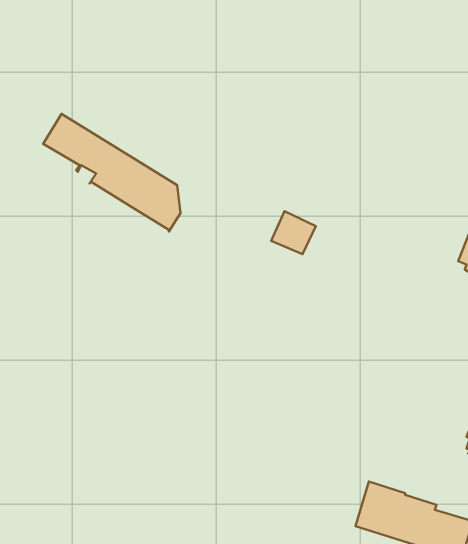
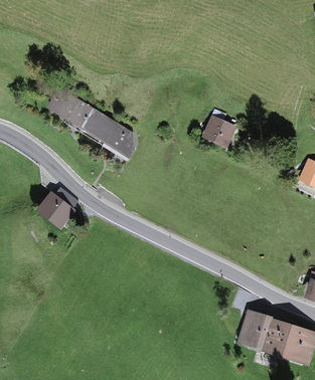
building: [271,211,316,254] -> [206,118,233,144]
building: none -> [39,194,72,224]

